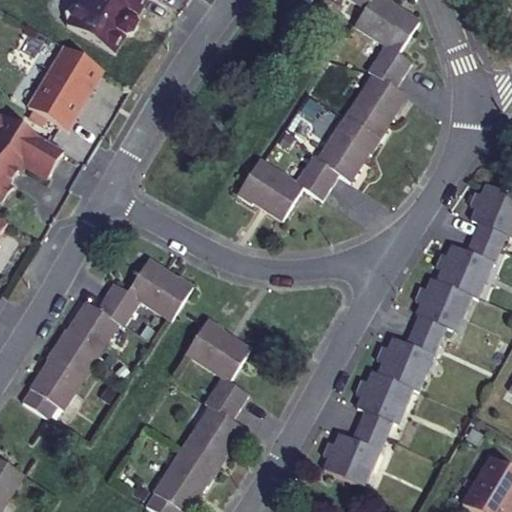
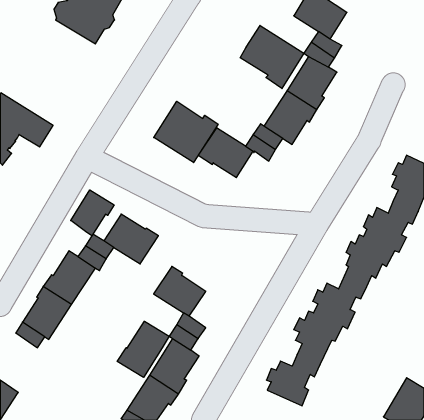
building: none -> [240,25,304,89]
building: [28,46,104,130] -> none
building: none -> [154,101,218,163]
building: none -> [71,190,114,236]
building: none -> [117,321,169,377]

